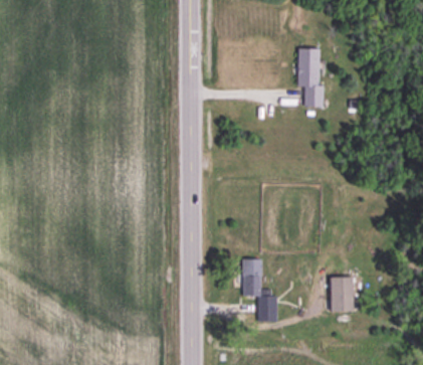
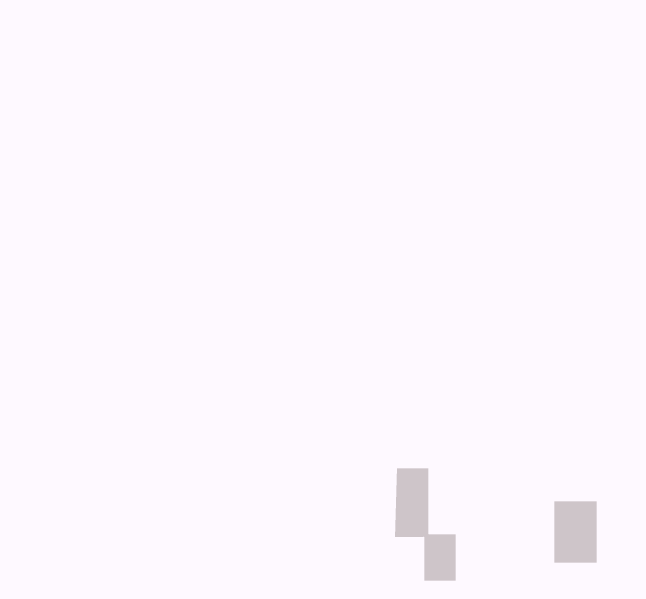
building: [297,49,321,106] -> none

